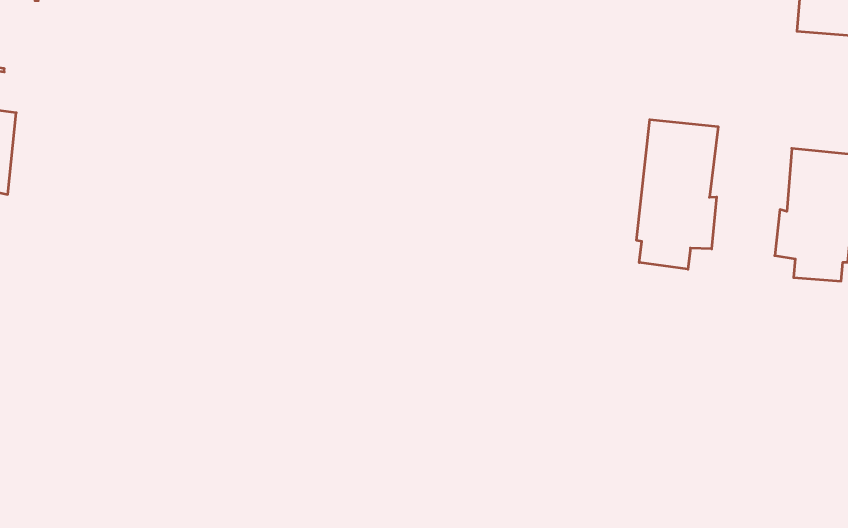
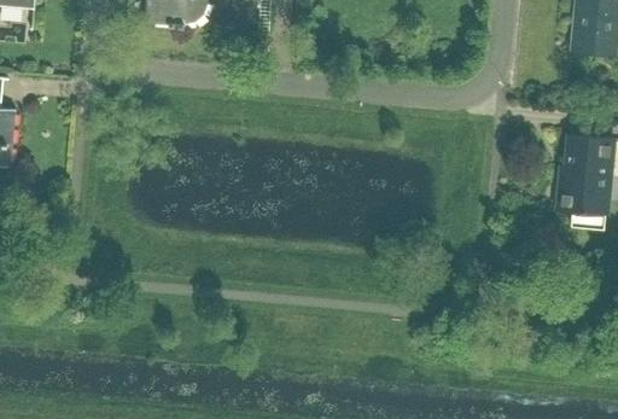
building: [637,120,718,269] -> none

